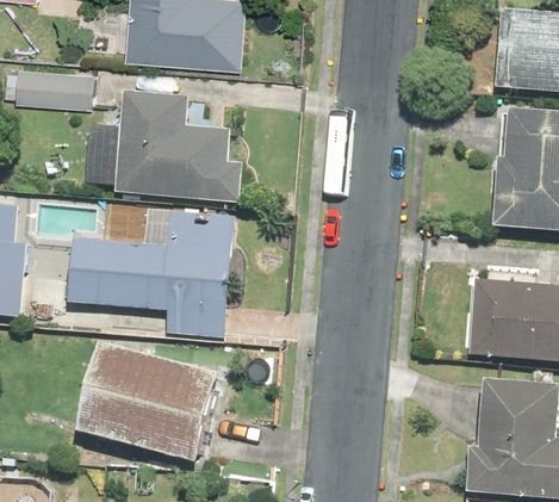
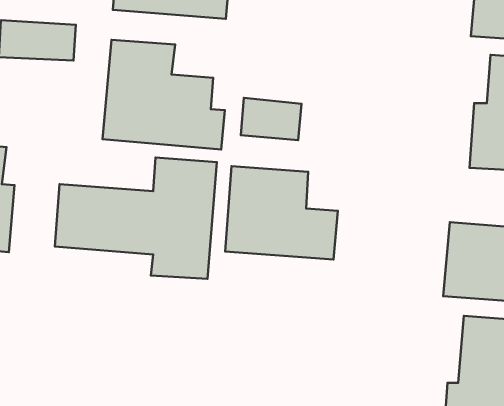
building: none -> [241,98,301,140]
building: none -> [225,166,338,260]
building: [81,335,225,460] -> none

